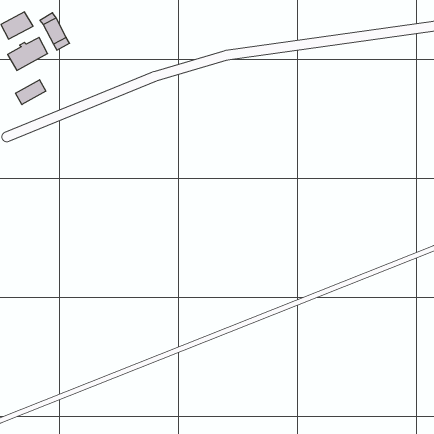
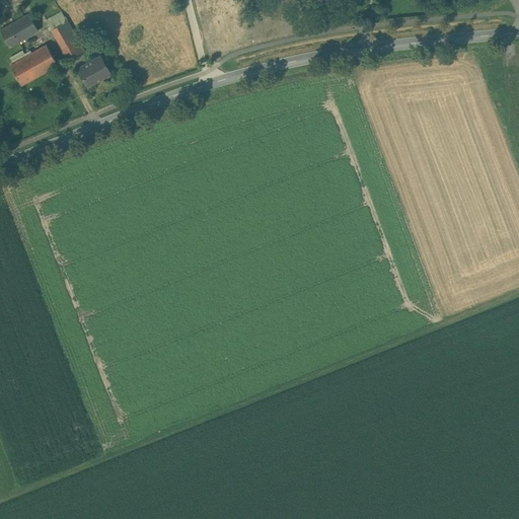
building: none -> [76,57,109,87]
building: [16,80,46,105] -> none

